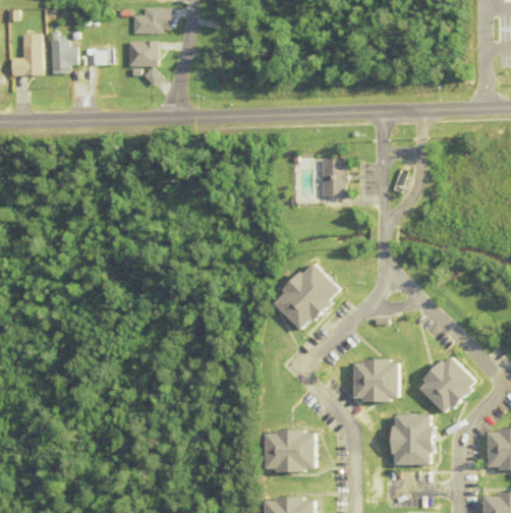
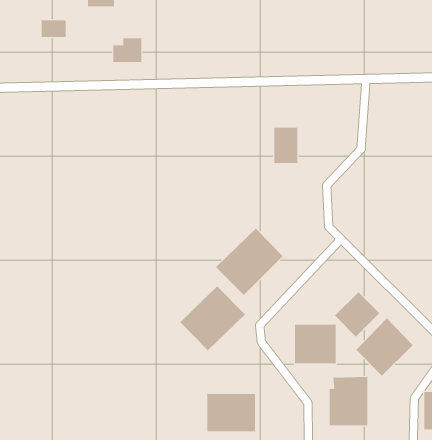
building: [55,40,81,67] -> none
building: [133,40,164,65] -> [113,38,142,62]
building: none -> [180,285,246,351]
building: none -> [334,291,380,337]

